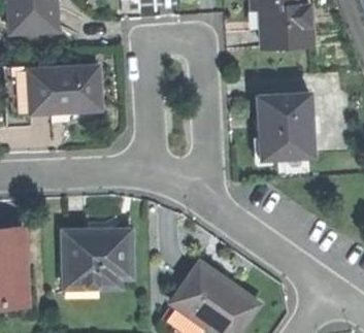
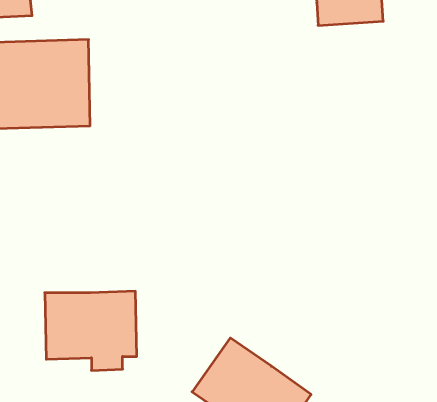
building: [261,94,313,156] -> none

